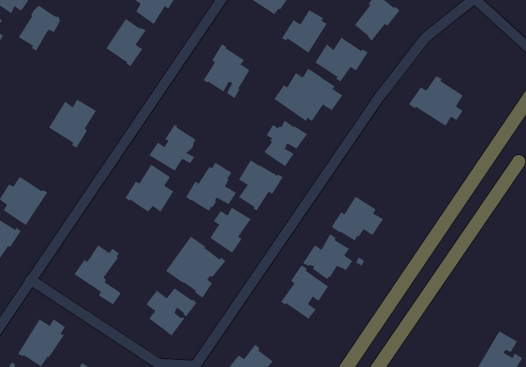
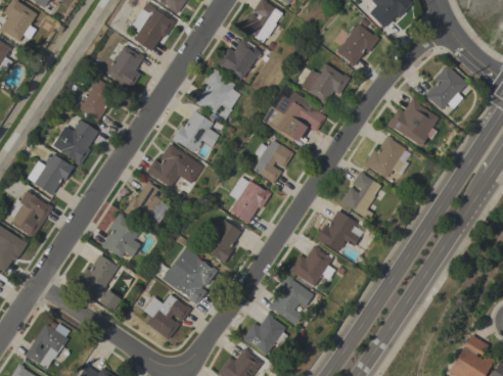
building: [18,5,61,51] -> [80,79,120,122]
building: [281,9,328,54] -> [217,38,260,79]
building: none -> [423,64,467,109]
building: none -> [363,134,410,178]
building: none -> [28,154,75,195]
building: none -> [339,171,380,220]
building: [185,162,237,212] -> [172,106,220,152]
building: none -> [101,213,140,257]
building: none -> [242,313,287,354]

